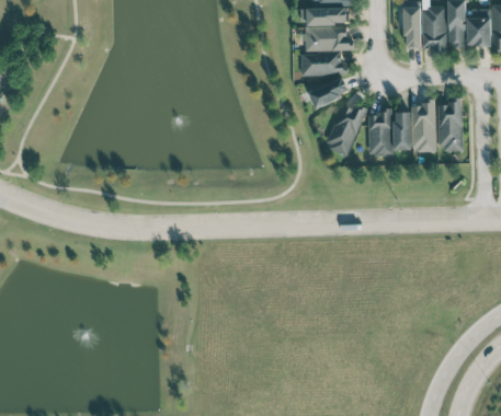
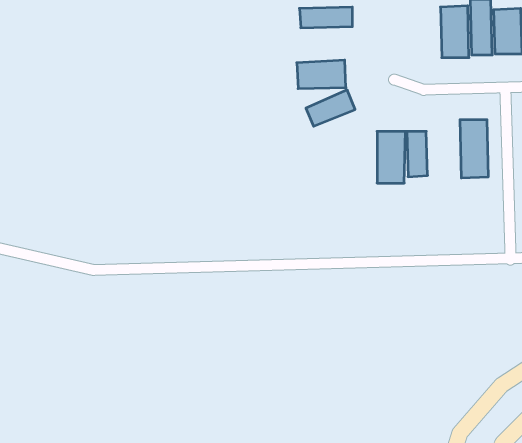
building: [403,7,421,47] -> none
building: [305,26,350,50] -> none
building: [412,103,436,152] -> none
building: [326,104,366,157] -> none

